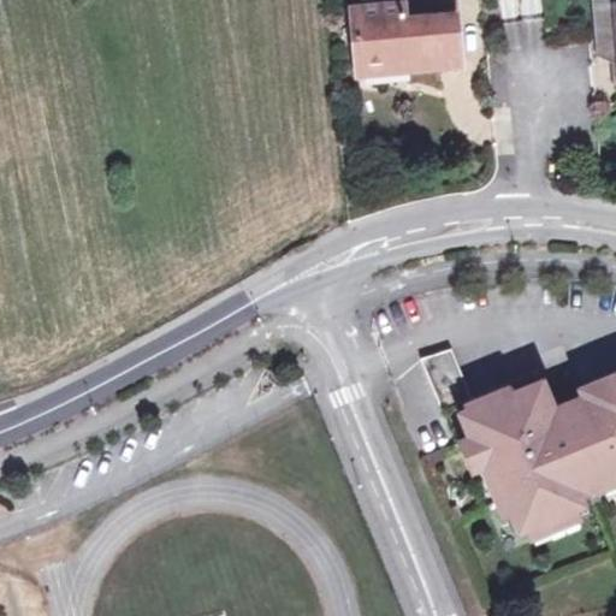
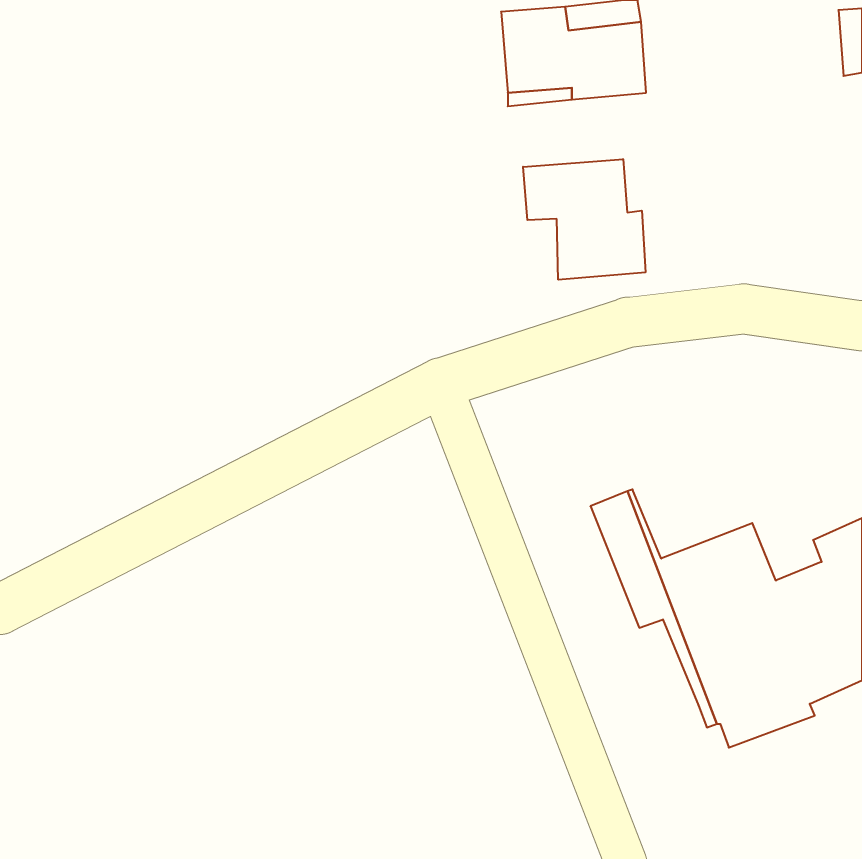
building: none -> [523,159,645,280]

